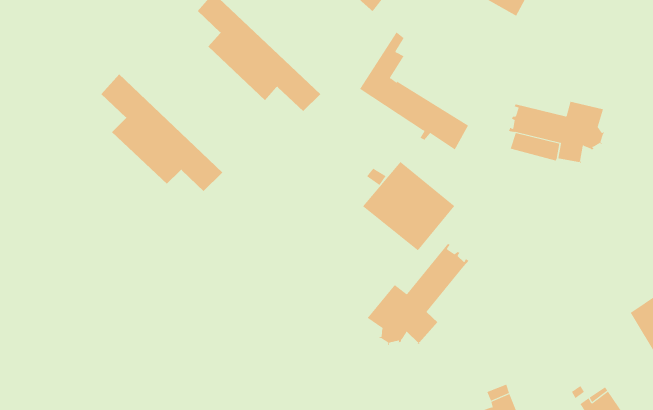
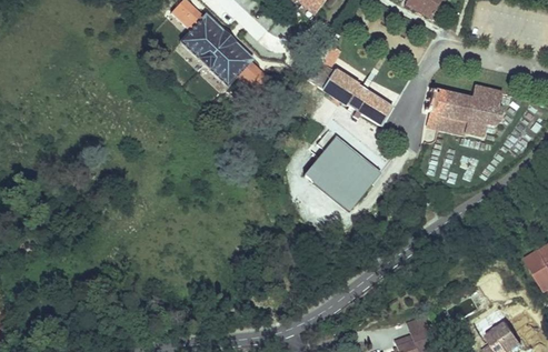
building: [101,74,223,192] -> none
building: [367,243,469,345] -> none

